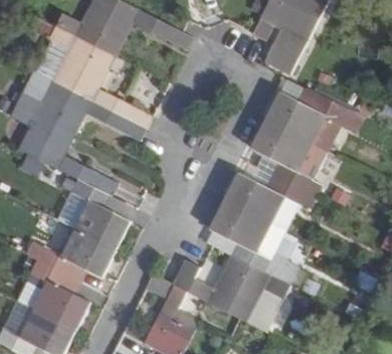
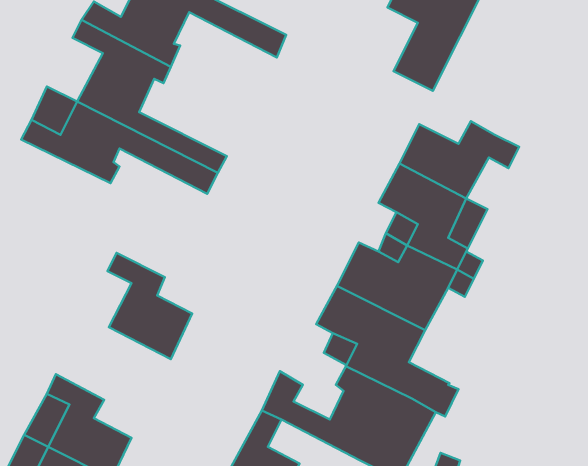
building: [8,106,118,197] -> none
building: [38,230,115,279] -> none

